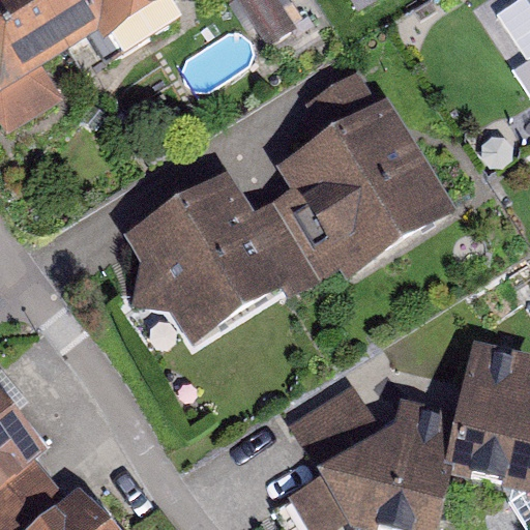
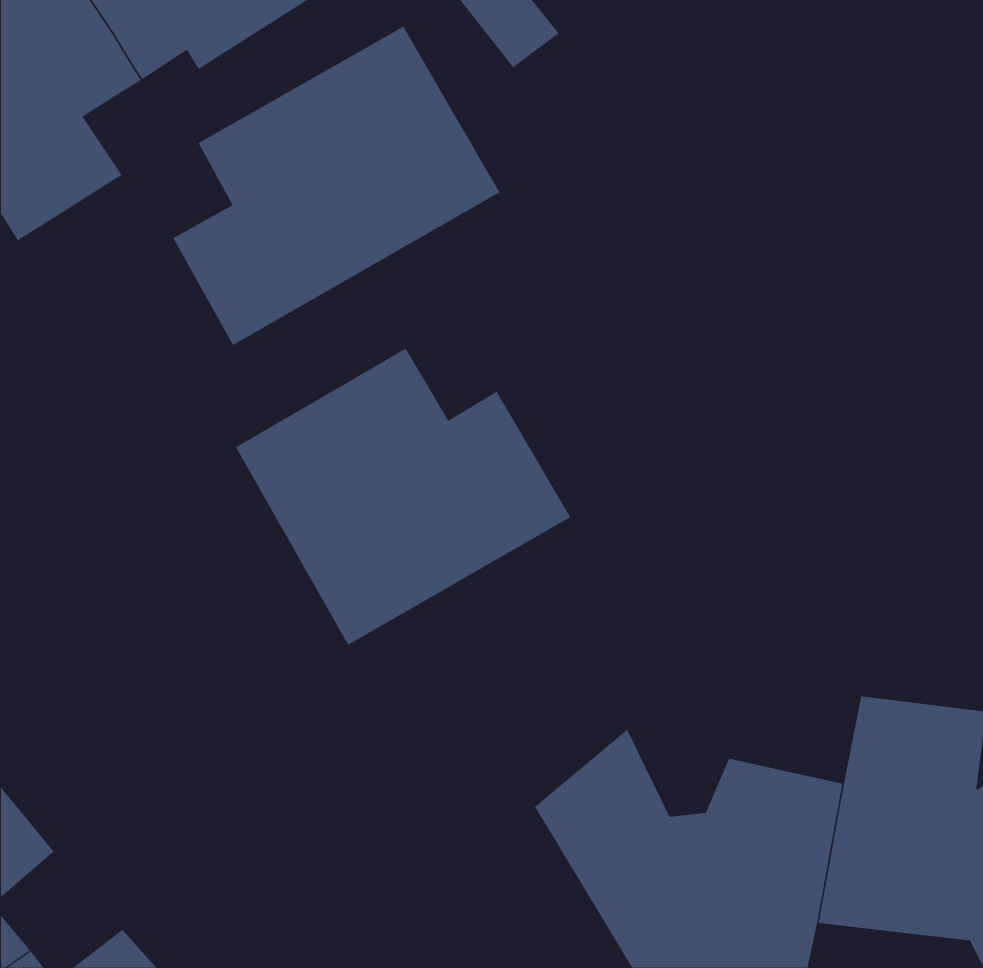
building: none -> [173,26,500,346]
building: [270,75,431,275] -> none

